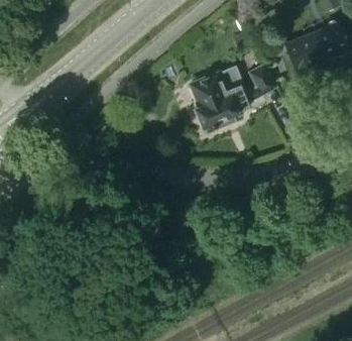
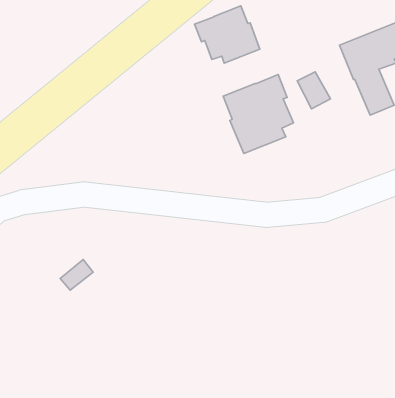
building: none -> [195,6,260,63]

